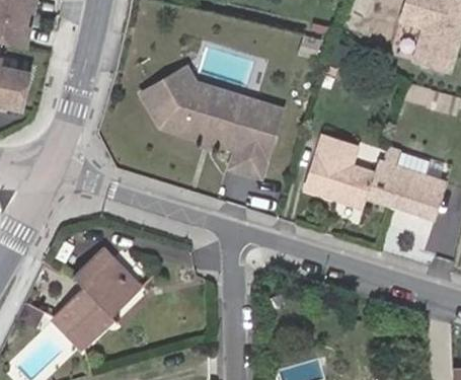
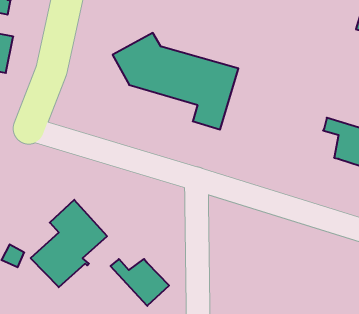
building: [305,137,393,208] -> none
building: none -> [111,259,169,306]

